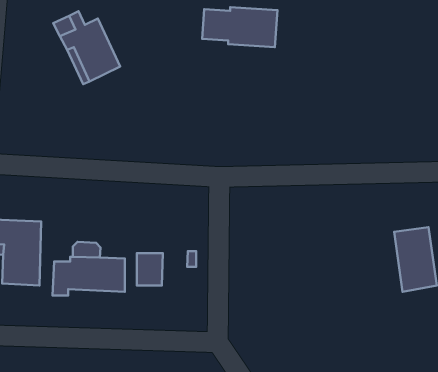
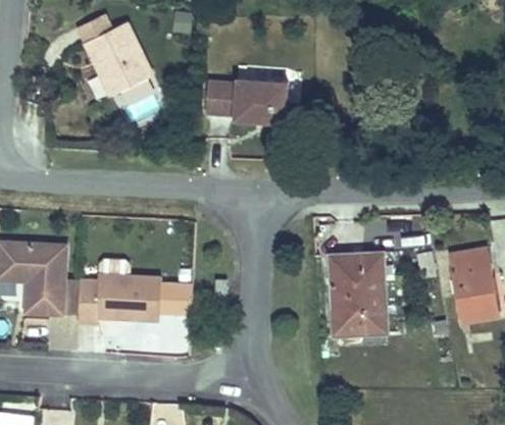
building: [202,7,278,47] -> [205,81,288,124]
building: none -> [330,260,386,338]

